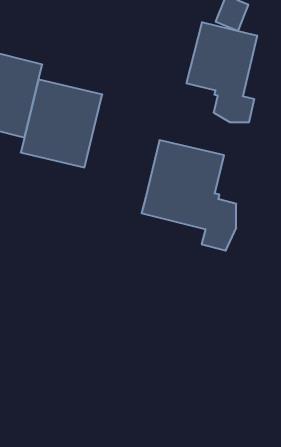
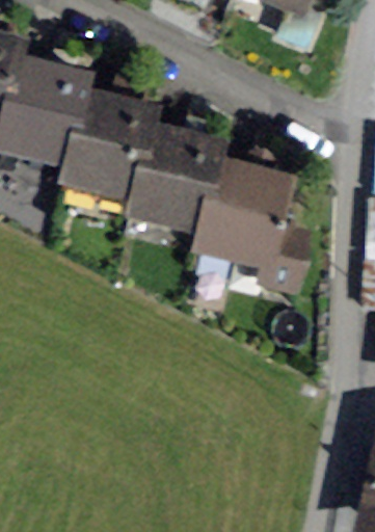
building: [187,22,257,122] -> none
building: none -> [129,130,218,229]

